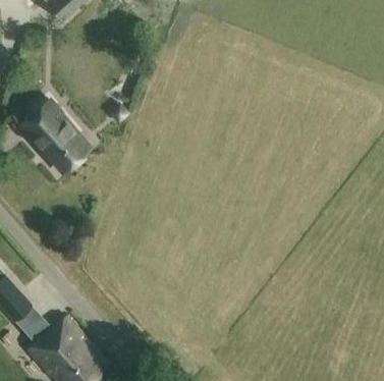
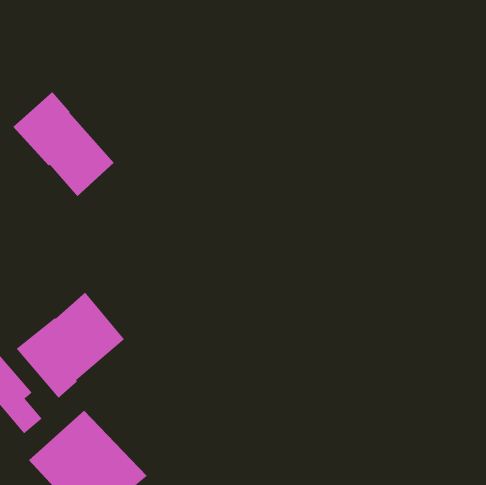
building: none -> [16,292,125,399]

